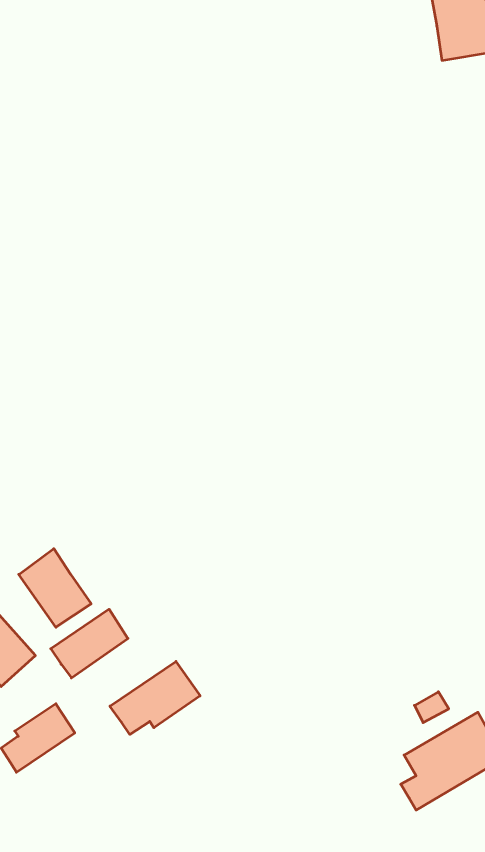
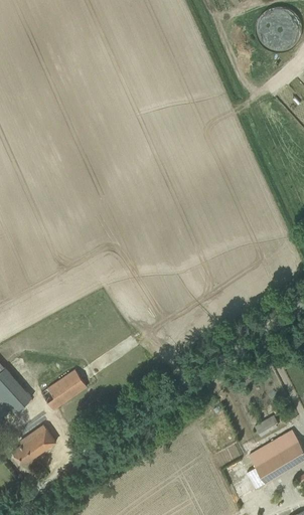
building: [19,549,91,627] -> none
building: [110,661,200,734] -> none

